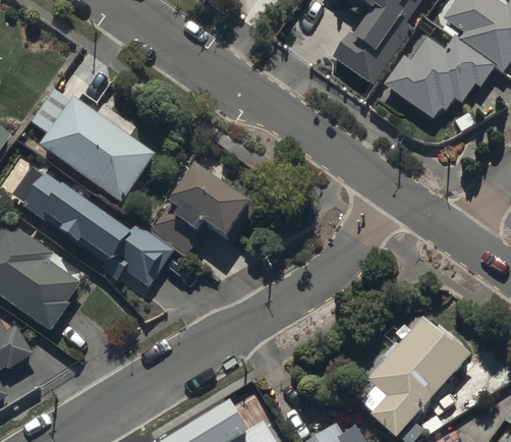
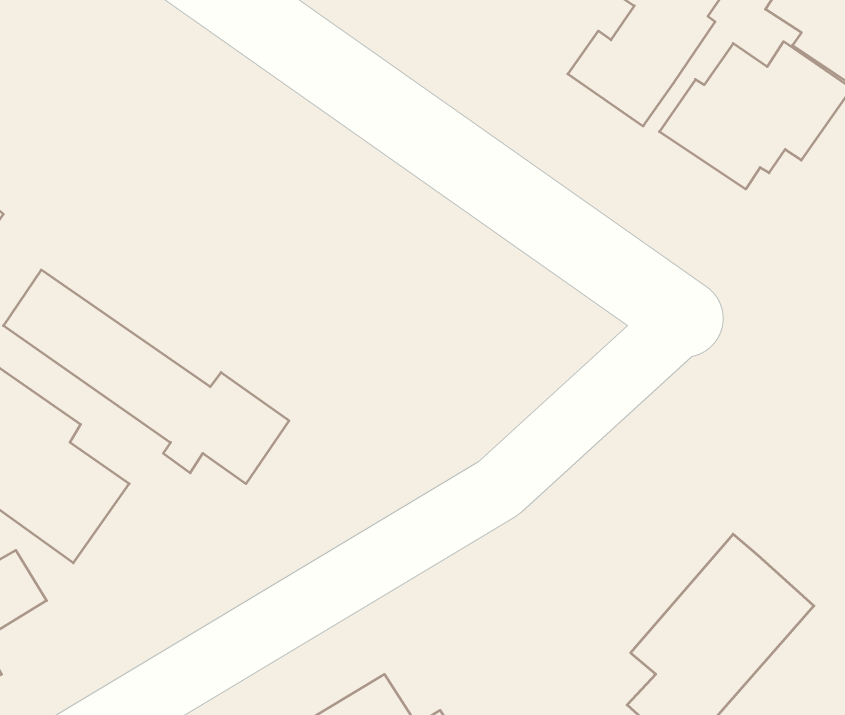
building: [30,87,157,202] -> none
building: [151,167,252,254] -> none

